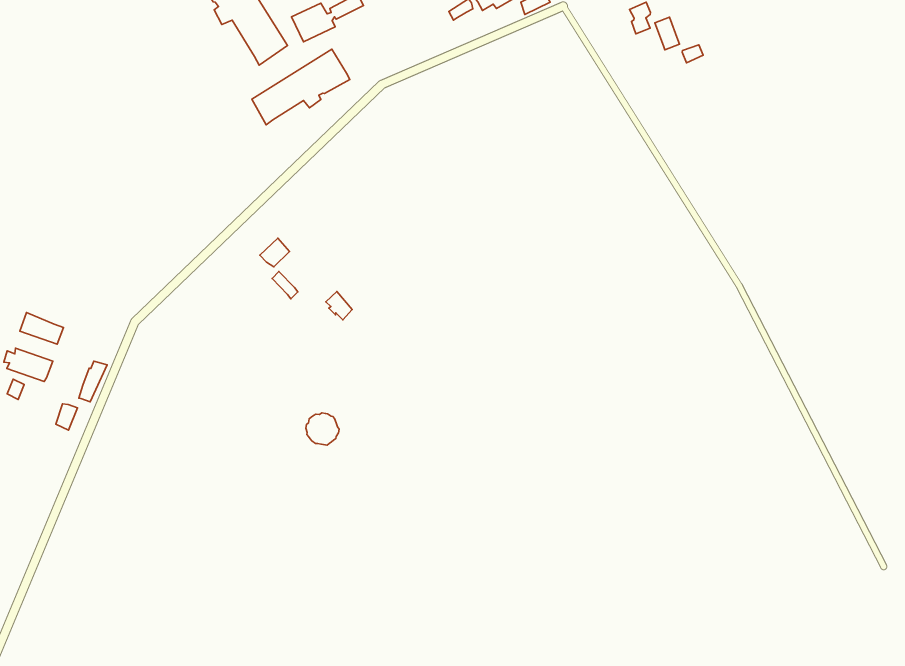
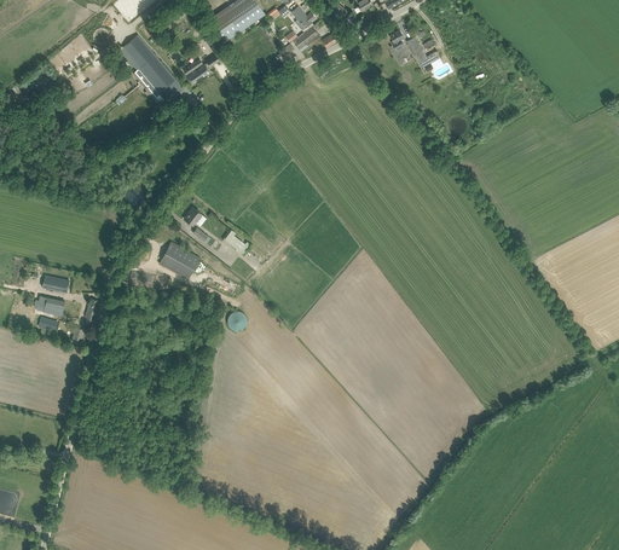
building: [252,49,350,125] -> none
building: none -> [158,242,198,279]

